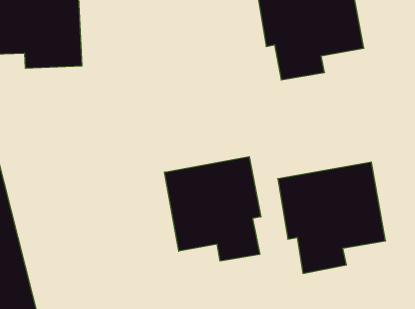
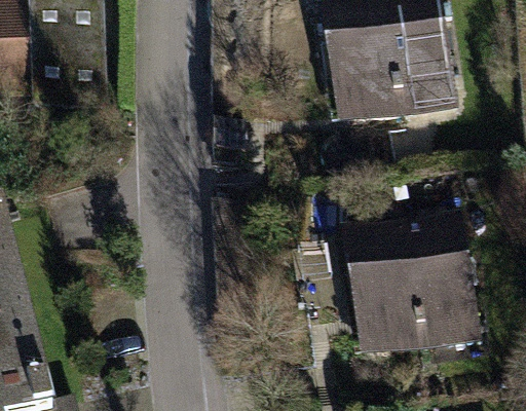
building: [164,157,261,261] -> none

